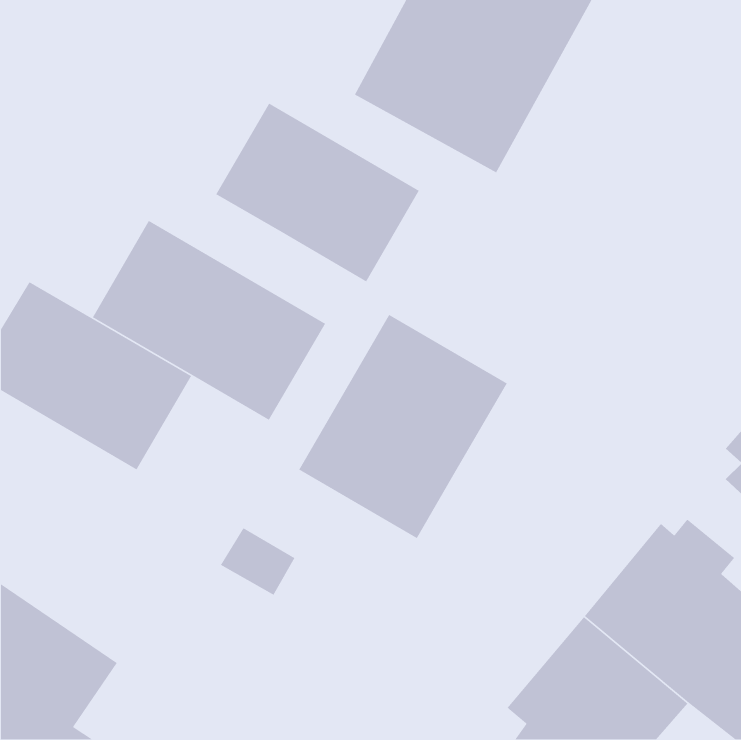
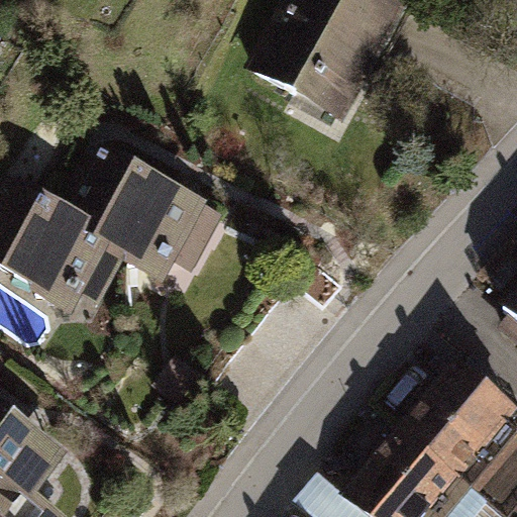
building: [215,102,420,282] -> none
building: [298,314,508,539] -> none

